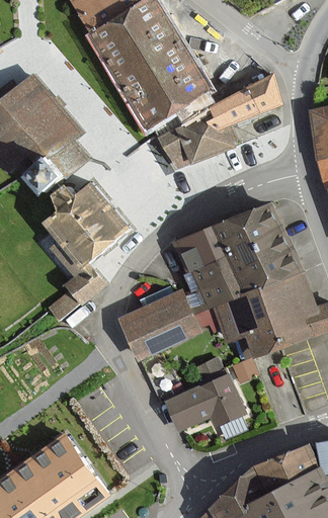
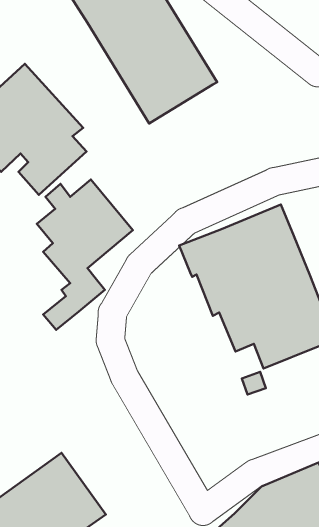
building: [159,75,279,169] -> none
building: [119,290,198,359] -> none
building: [166,363,244,429] -> none

